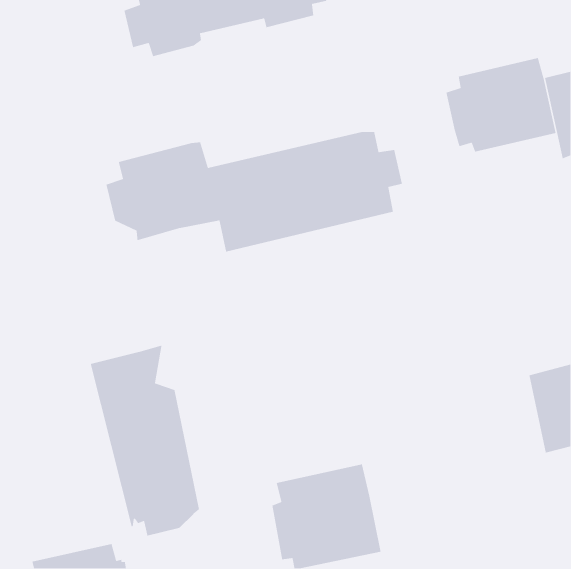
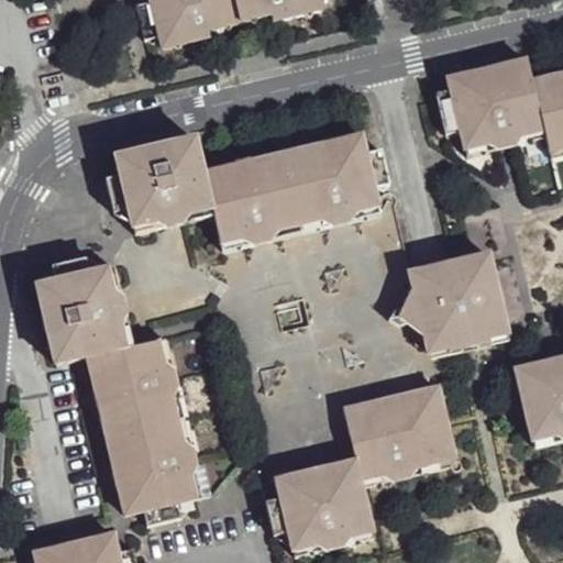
building: none -> [411,250,510,346]
building: none -> [37,257,136,363]
building: none -> [346,387,457,486]

